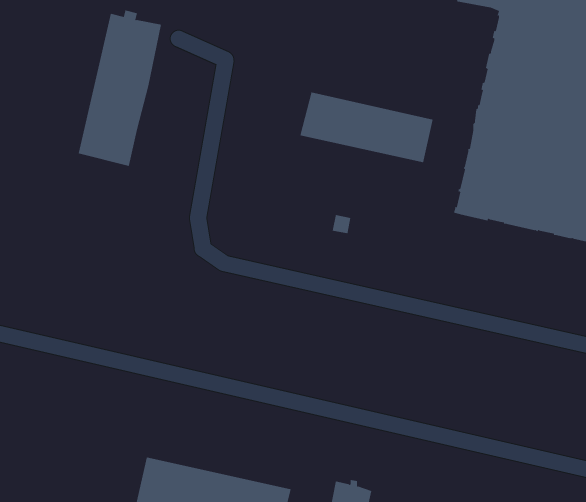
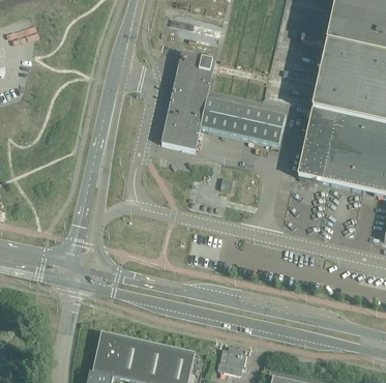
building: [78,10,162,167] -> [161,48,215,148]

